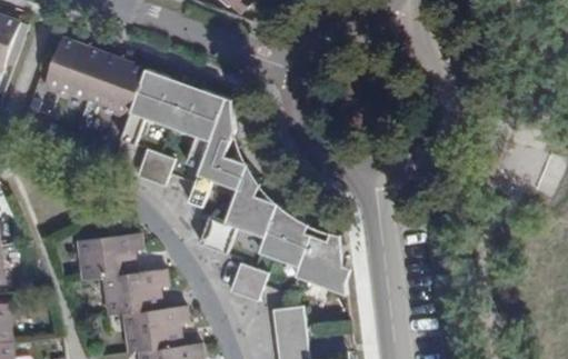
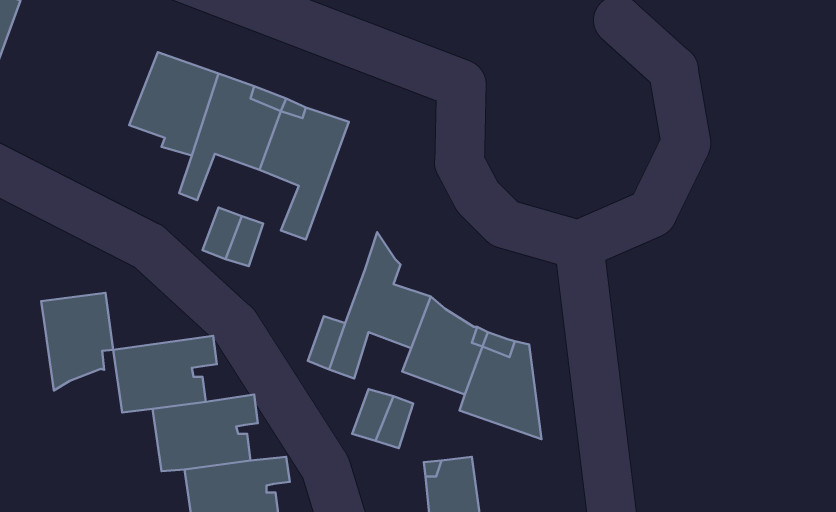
building: [42,36,108,99] -> none
building: [188,88,245,208] -> none
building: none -> [41,293,113,391]

